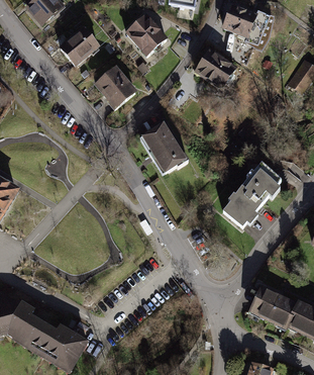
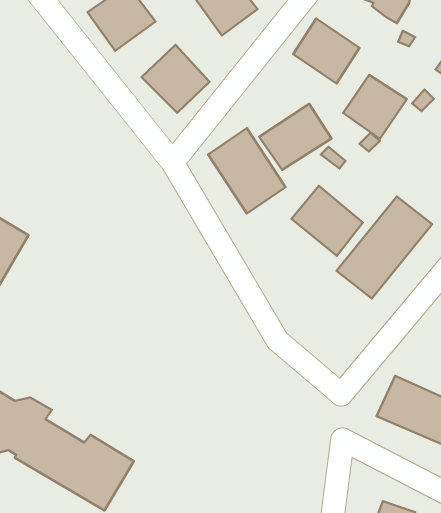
building: none -> [343,75,407,139]
building: none -> [259,104,331,170]
building: none -> [291,186,363,256]

